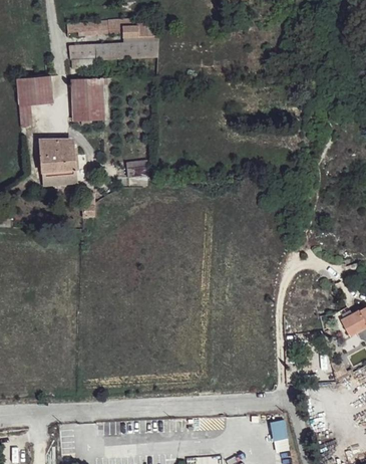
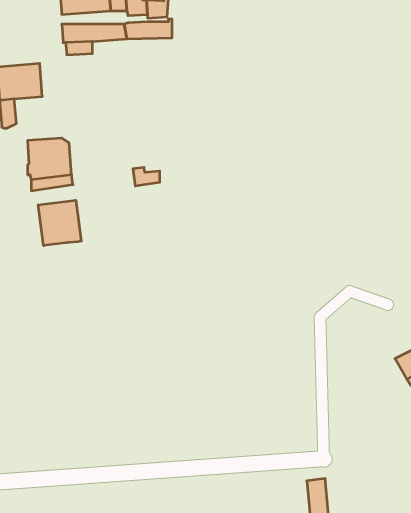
building: [70,78,103,123] -> none
building: none -> [38,200,81,246]

